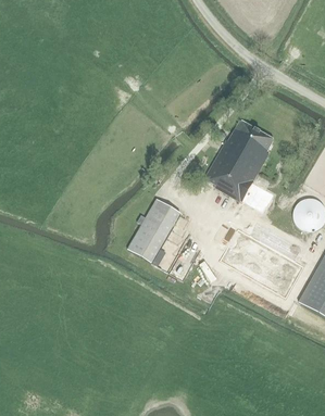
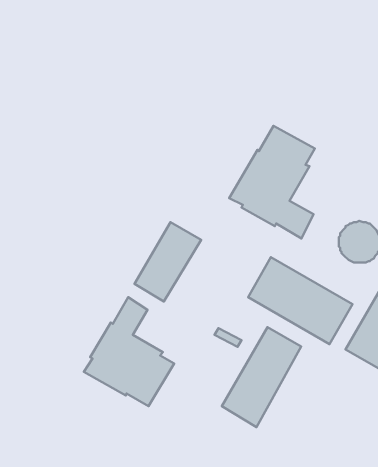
building: none -> [84,297,174,406]
building: none -> [222,327,301,427]

